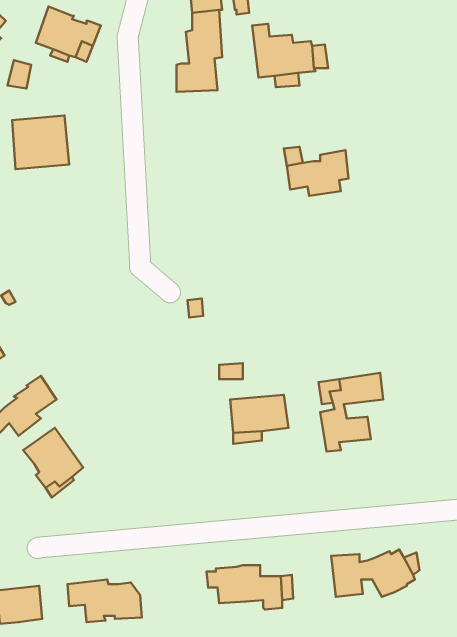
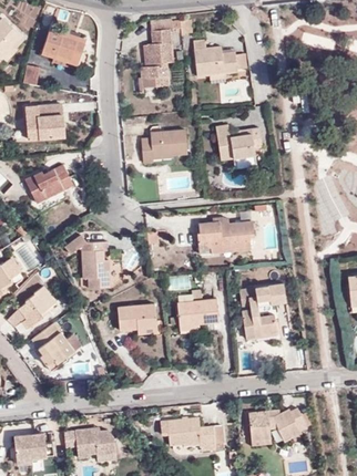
building: none -> [140,131,187,165]
building: none -> [24,164,72,204]
building: none -> [197,218,254,253]
building: none -> [64,236,110,290]
building: none -> [116,304,155,331]

